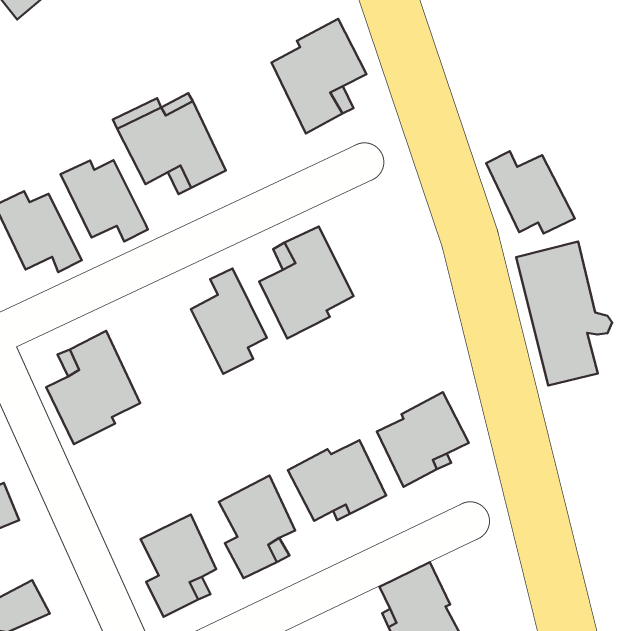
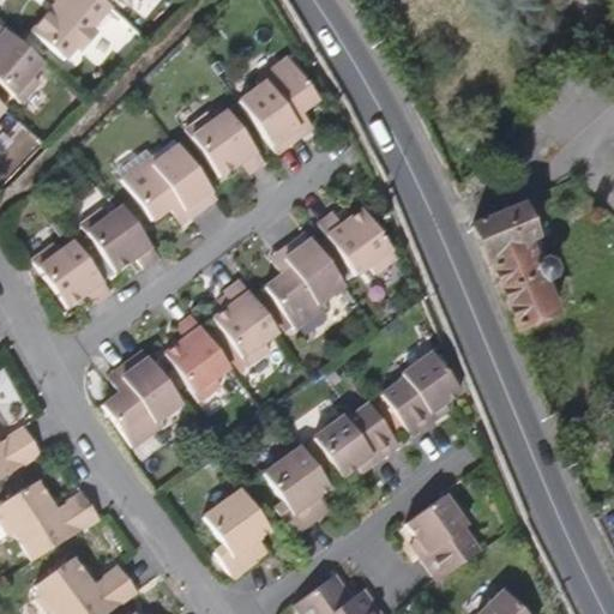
building: none -> [191,109,271,176]
building: [486,151,575,233] -> [319,206,401,273]
building: none -> [163,312,230,402]

